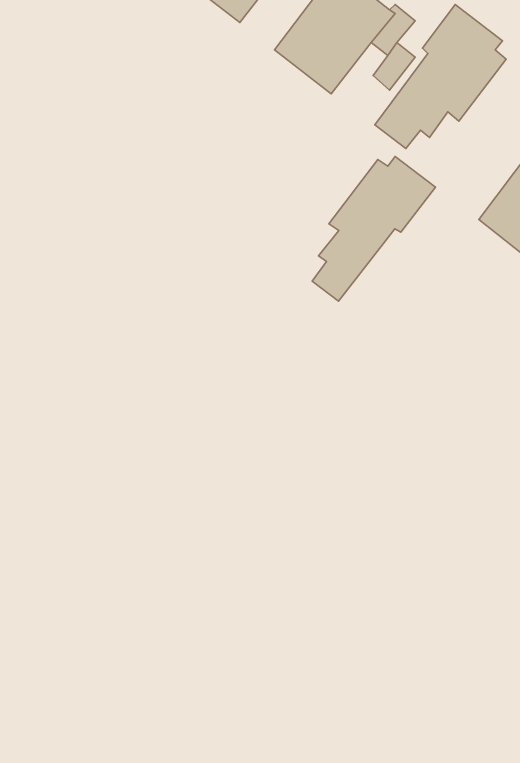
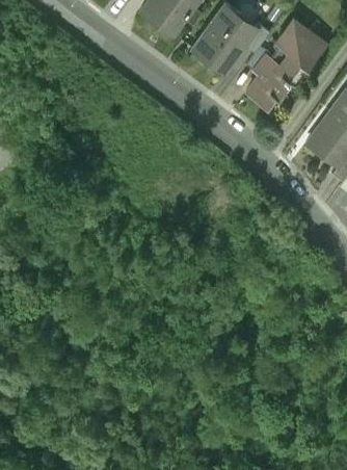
building: [312,157,436,301] -> none

